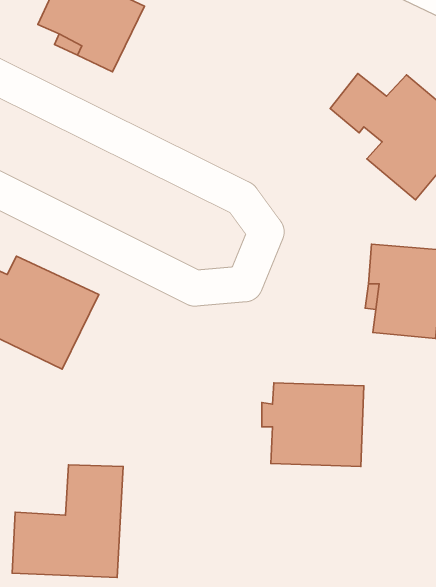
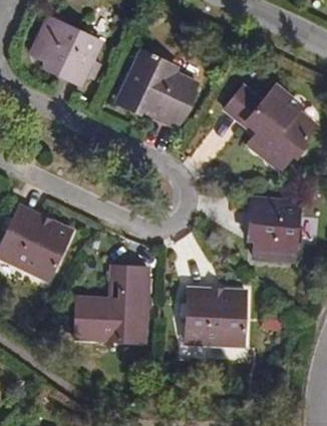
building: none -> [117,51,197,124]
building: [12,465,123,578] -> [74,267,147,341]

